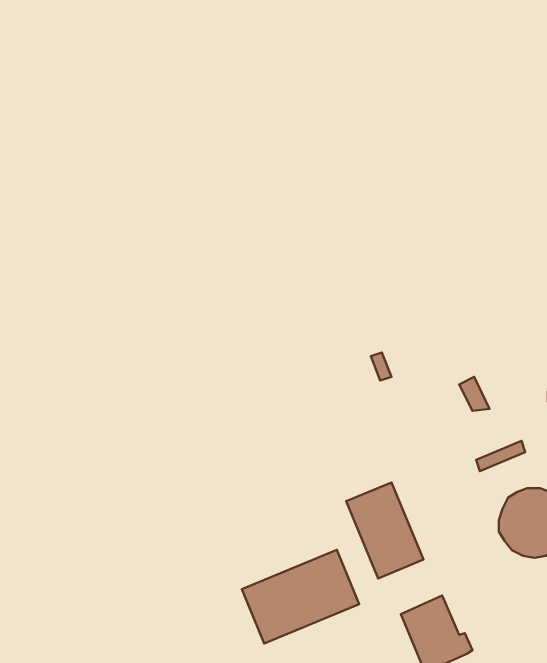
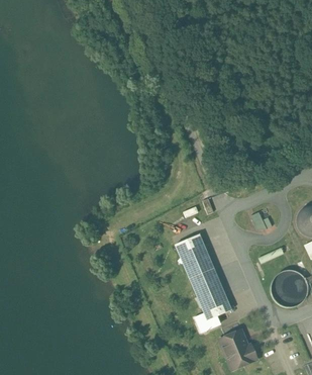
building: none -> [176,233,214,278]
building: [242,550,359,644] -> none

